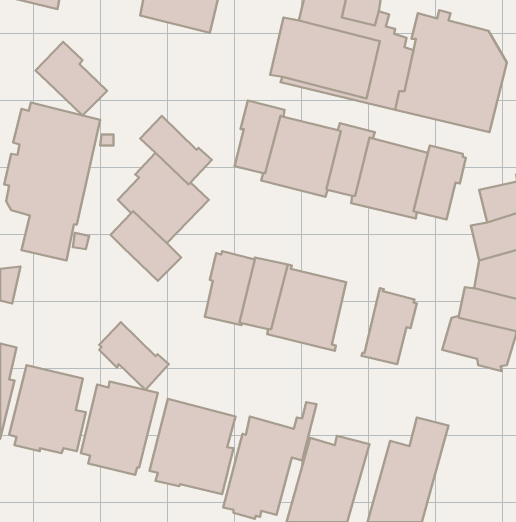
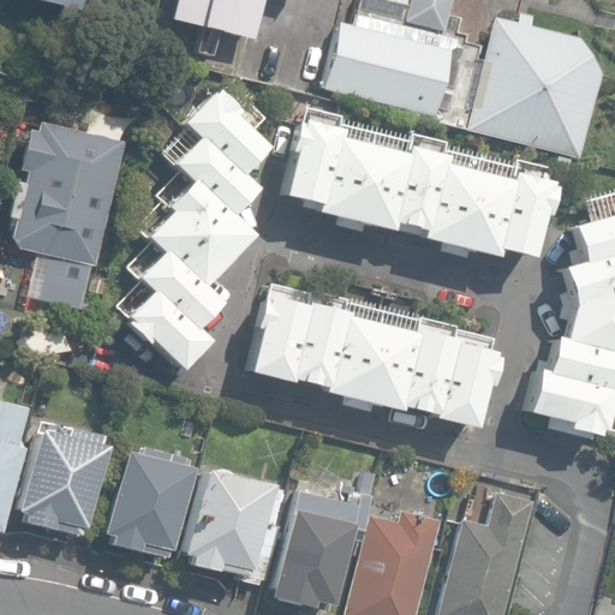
building: [35,42,107,116] -> [184,89,268,175]
building: none -> [398,328,454,413]
building: [99,322,169,390] -> [127,289,209,369]

